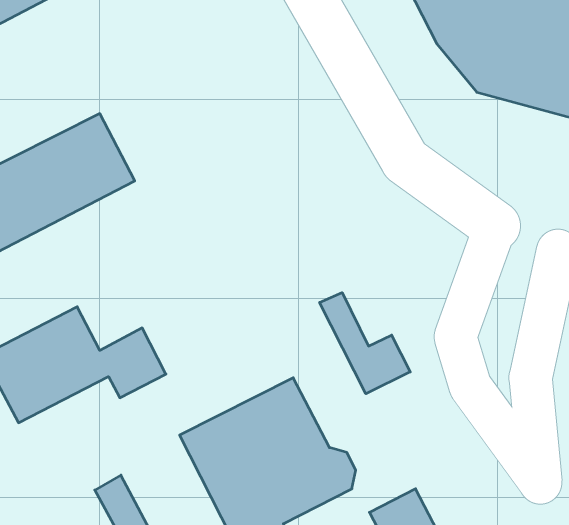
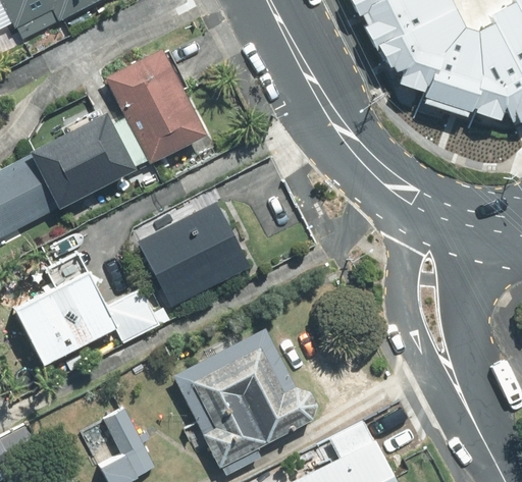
building: none -> [105,48,207,162]
building: none -> [138,201,250,306]
building: [320,293,410,394] -> none

